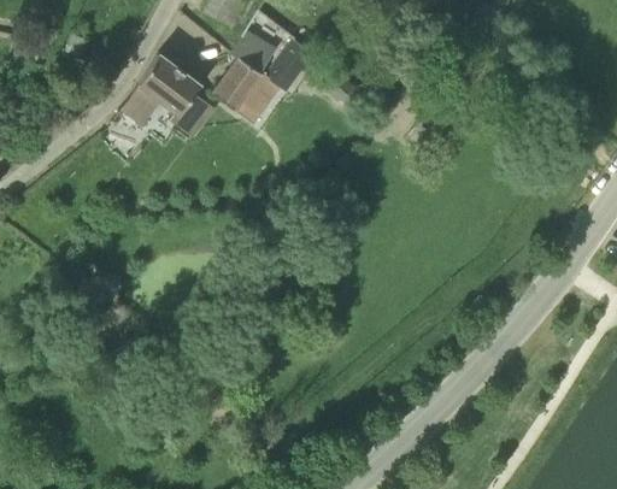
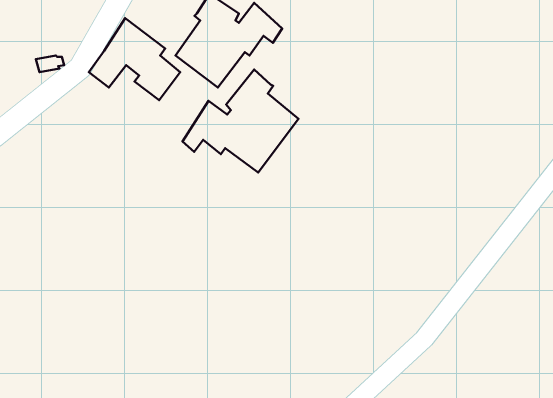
building: none -> [182,70,298,172]

